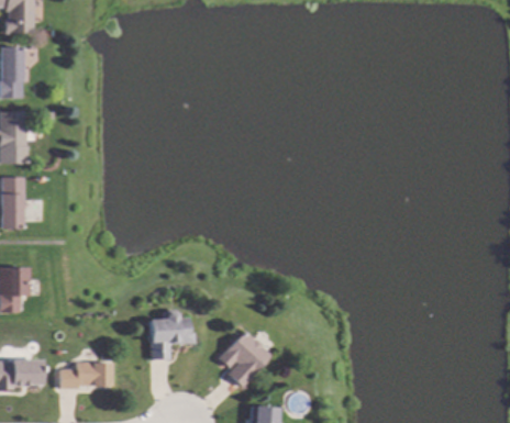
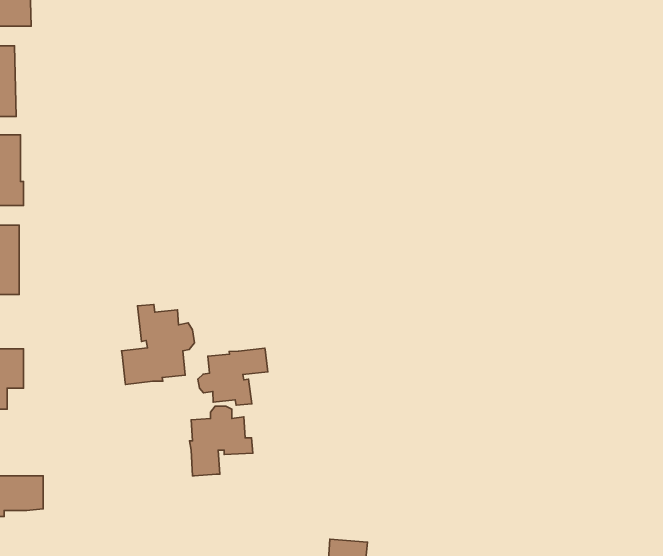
building: none -> [122,305,195,385]
building: none -> [198,348,268,405]
building: [218,331,269,386] -> none
building: [58,360,110,388] -> none

